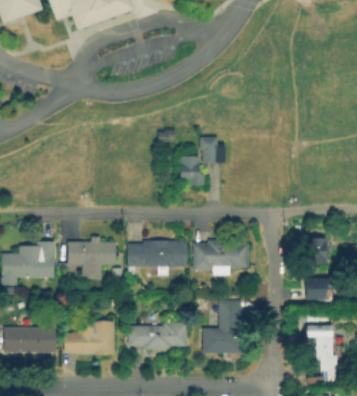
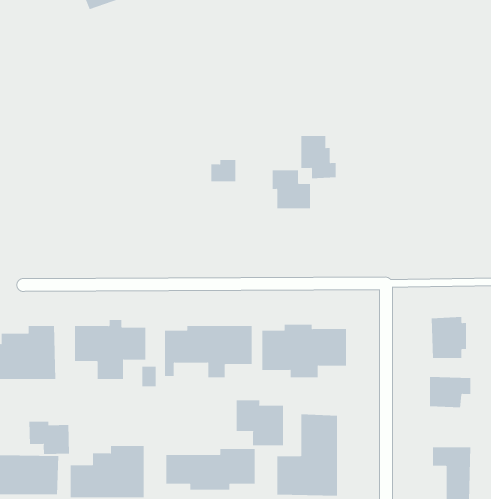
building: [180,157,204,186] -> [301,136,337,179]
building: none -> [236,400,283,446]
building: none -> [29,421,70,455]

